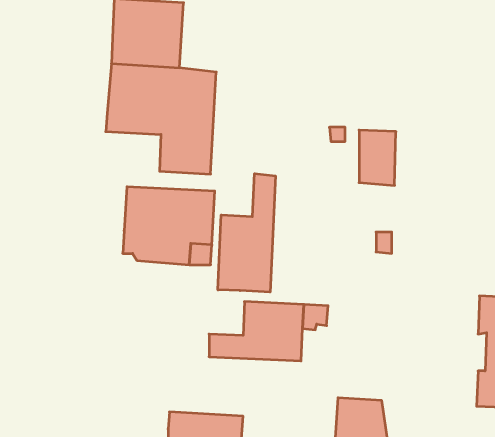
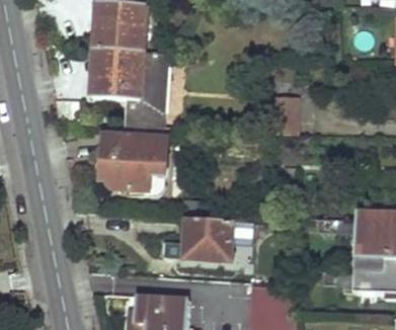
building: [218,174,275,292] -> none

